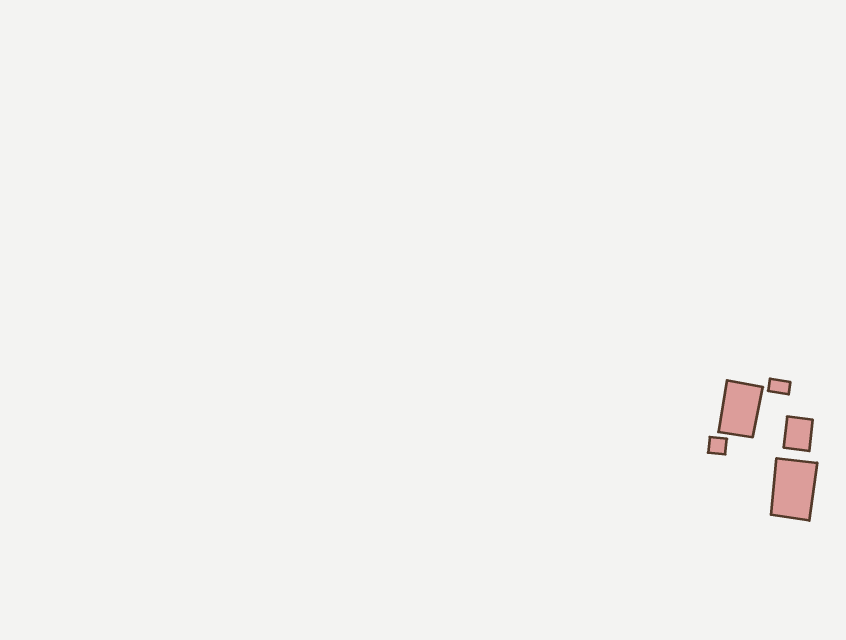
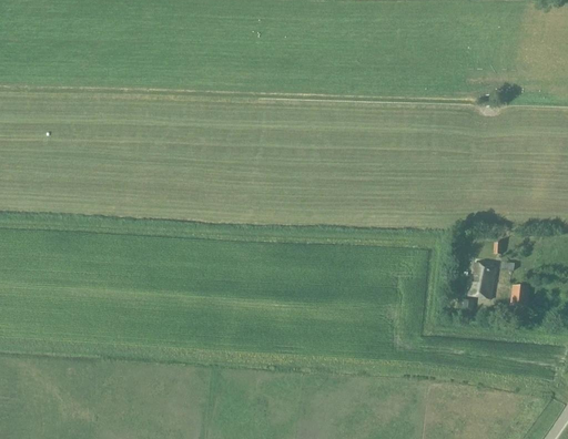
building: [771,458,817,521] -> none

